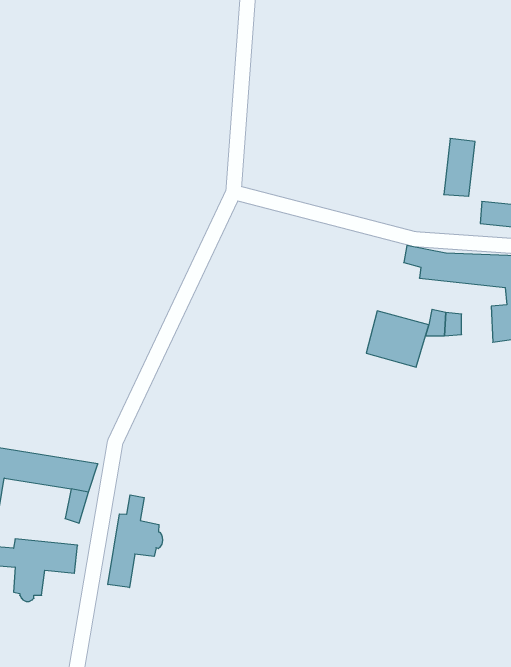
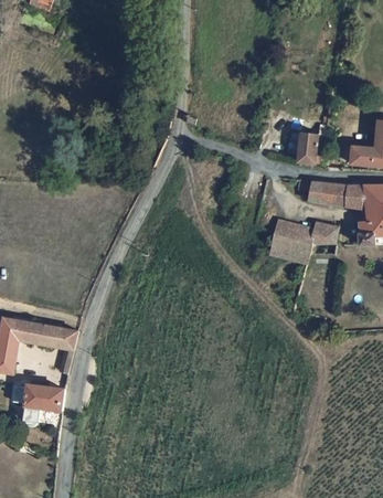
building: [444,138,475,196] -> [298,123,320,163]
building: [108,495,163,588] -> none

